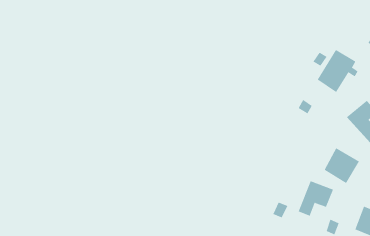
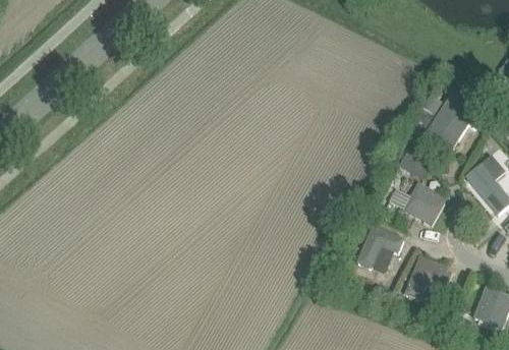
building: [324,148,360,184] -> [402,182,447,227]
building: none -> [357,226,403,268]

